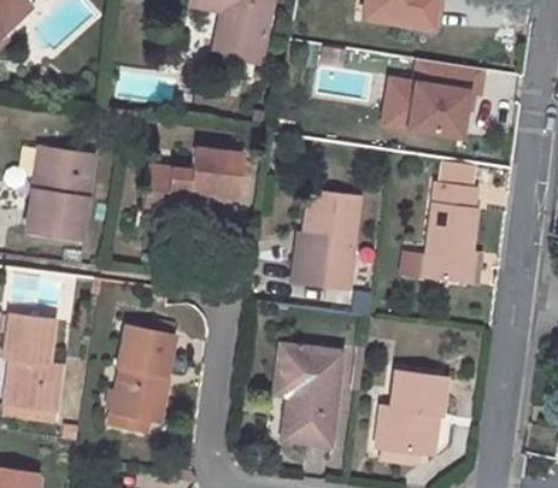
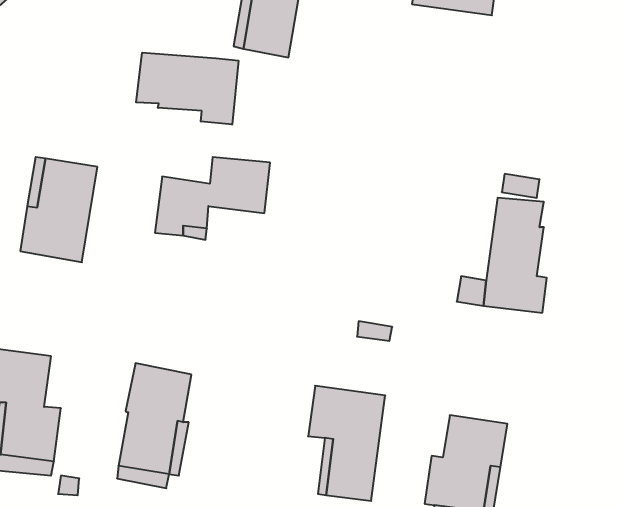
building: [375,57,478,146] -> none
building: none -> [136,53,238,125]
building: [293,190,360,288] -> none

